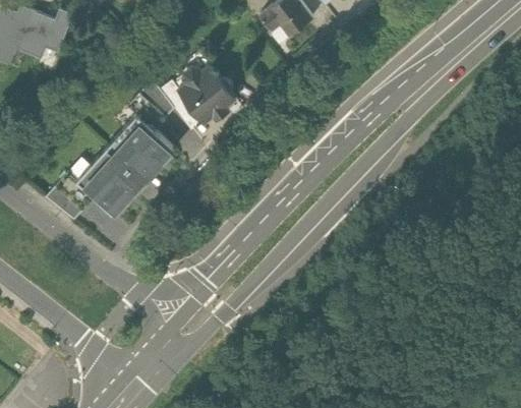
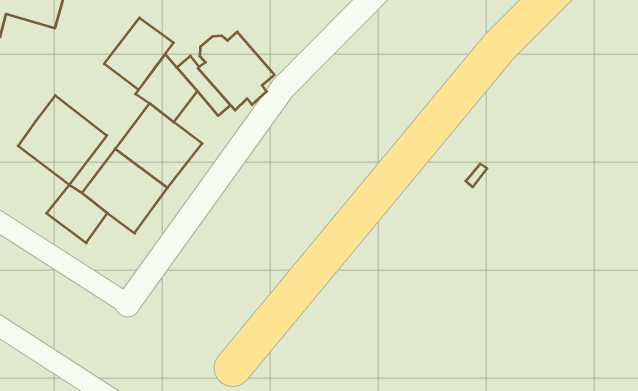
building: none -> [104,18,174,90]
building: none -> [18,95,107,185]

